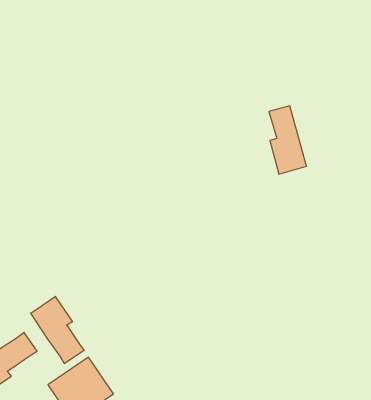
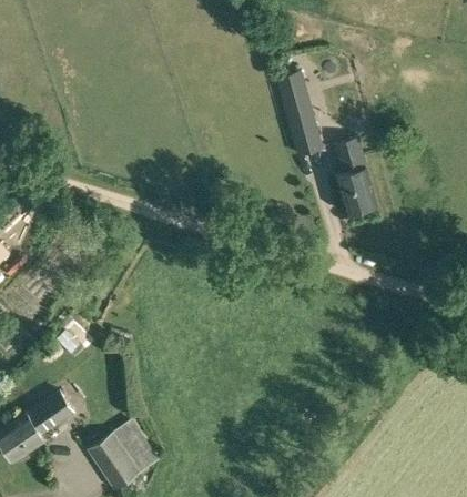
building: none -> [277,72,324,156]
building: [31,296,84,364] -> none

